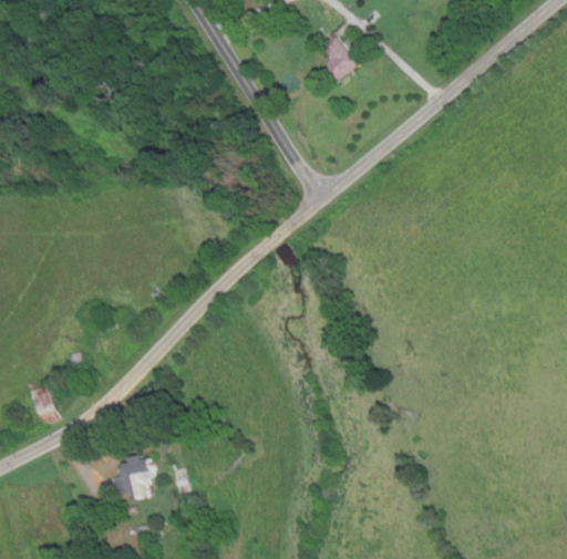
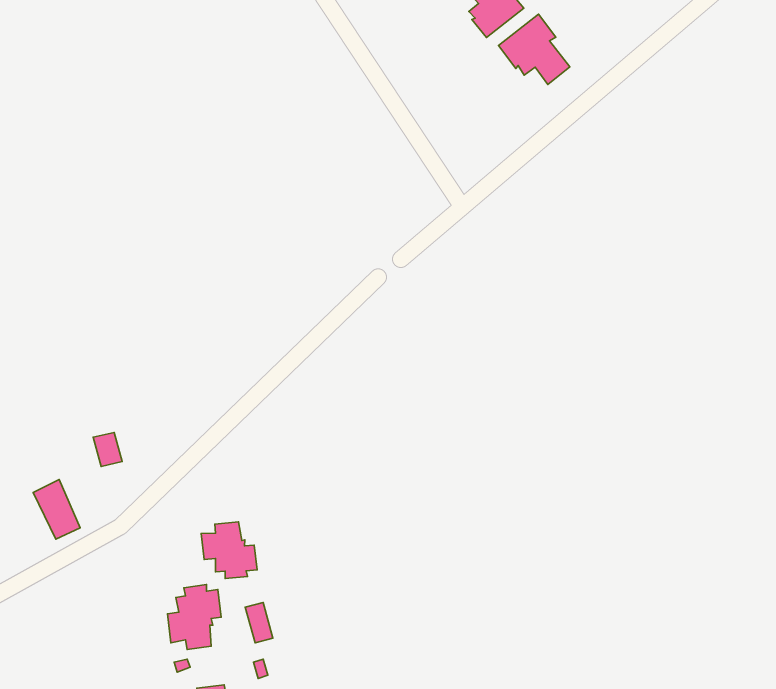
building: none -> [499,14,570,85]
building: none -> [201,522,257,579]

